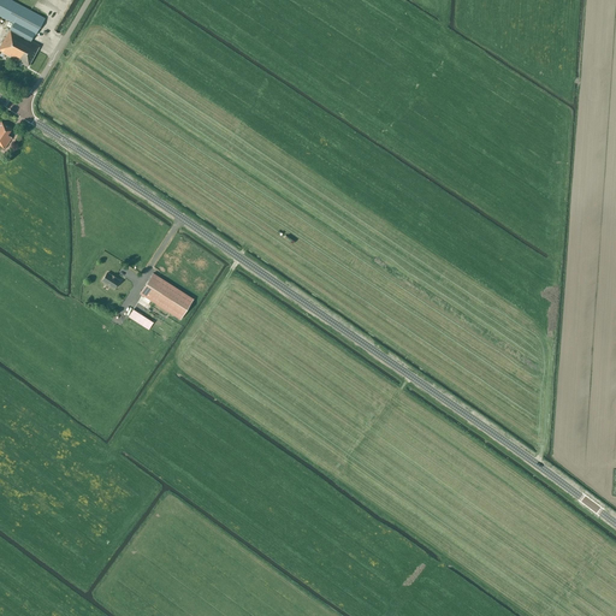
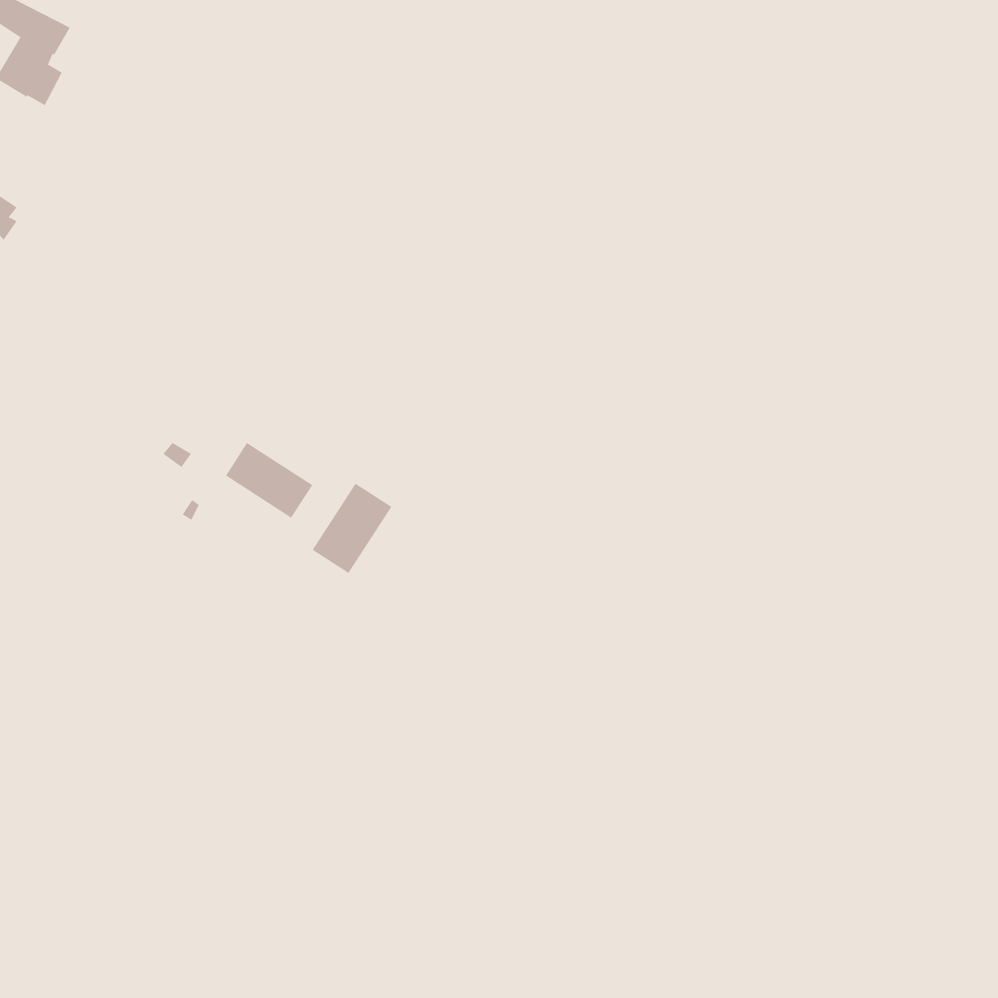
building: none -> [312,483,392,574]

